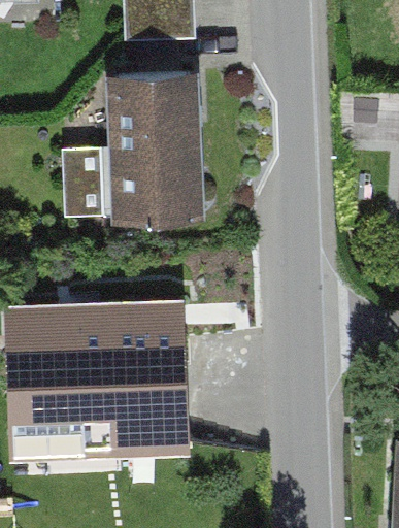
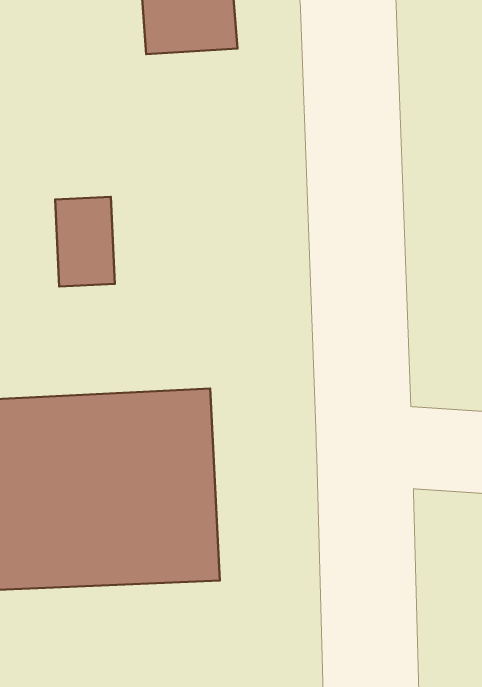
building: [106,73,204,220] -> none

